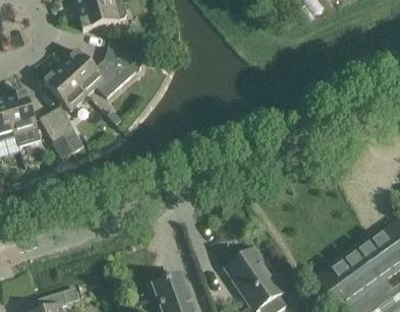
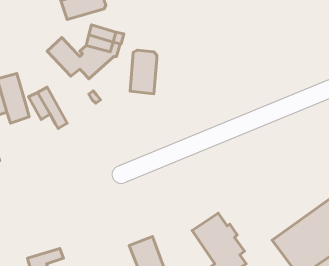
building: none -> [130,50,157,94]
building: [43,65,87,110] -> none

